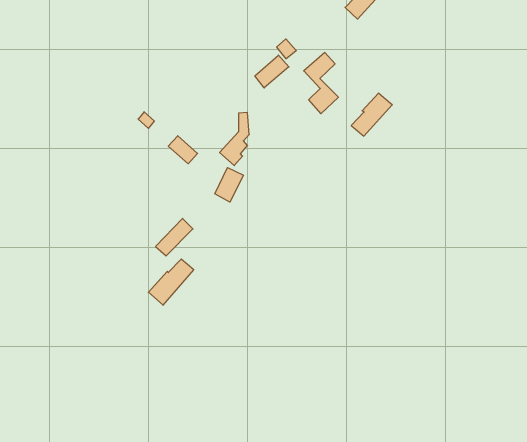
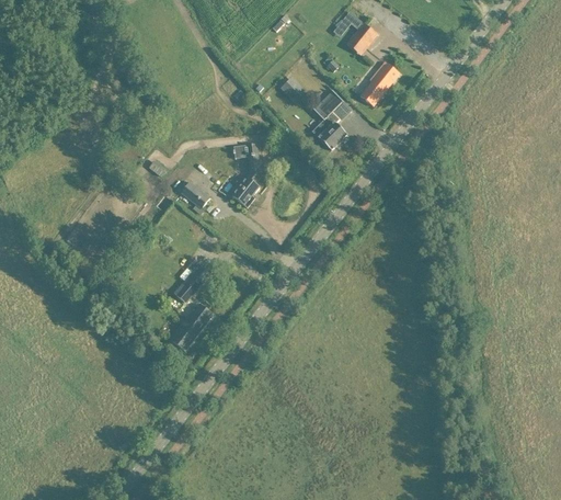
building: [255,55,289,88] -> none
building: [351,93,392,136] -> [359,60,399,104]
building: [215,168,243,202] -> none

